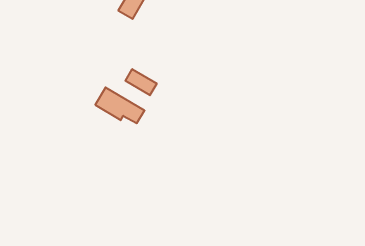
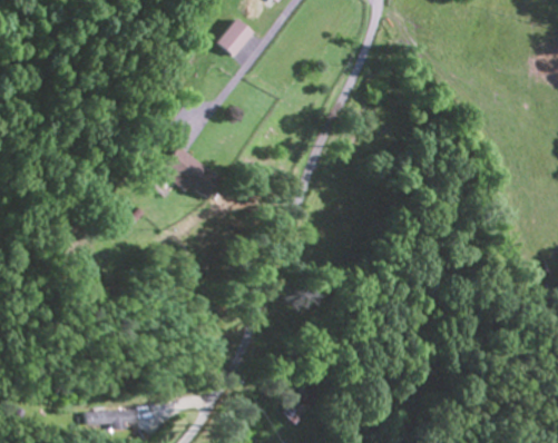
building: [125,69,157,95] -> none

